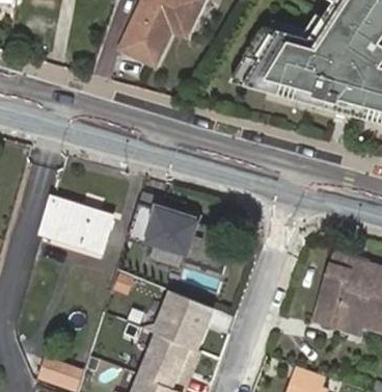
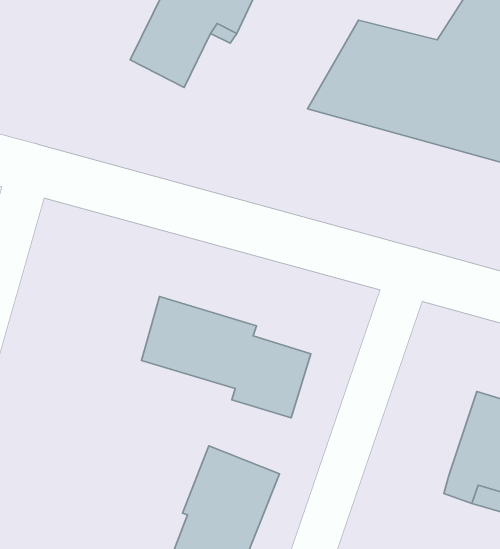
building: [42,195,110,251] -> none

